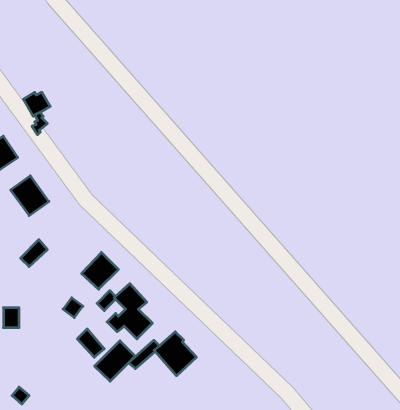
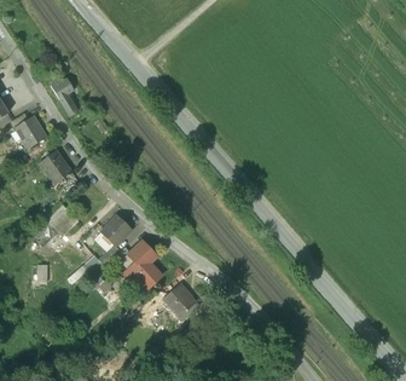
building: [95,341,135,381] -> none

